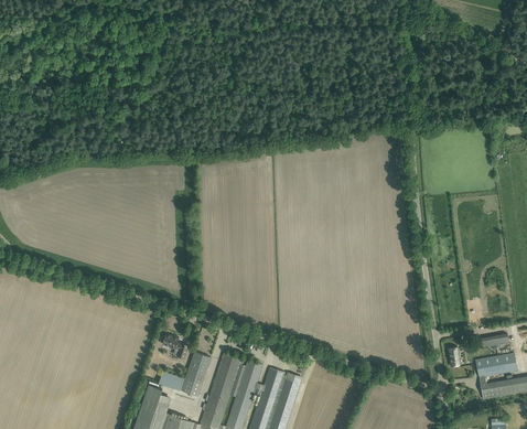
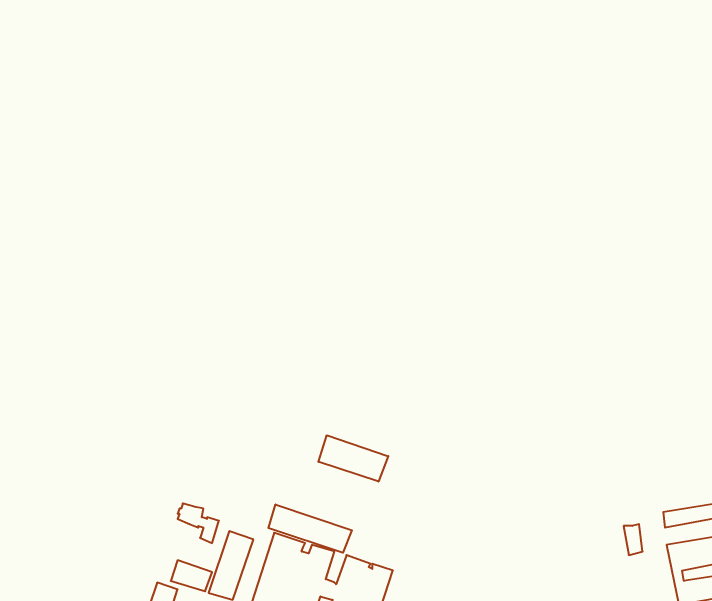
building: none -> [318,435,388,482]
building: none -> [268,504,352,553]

